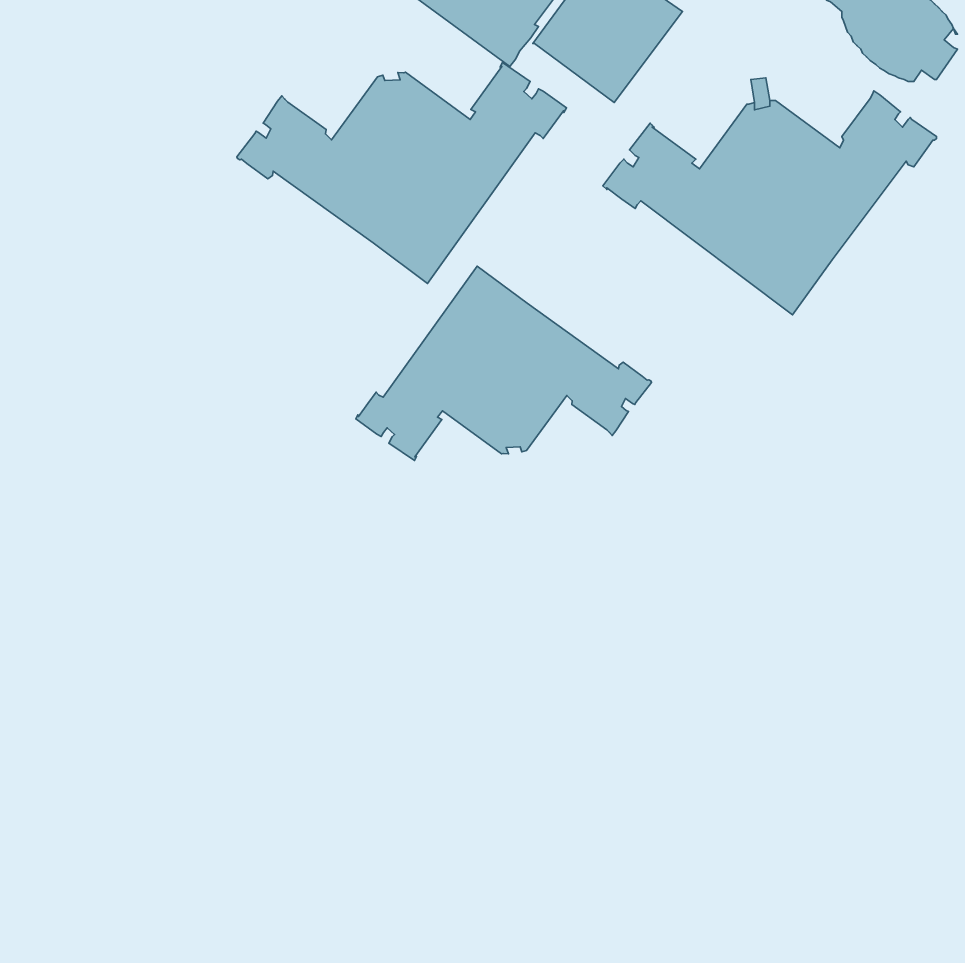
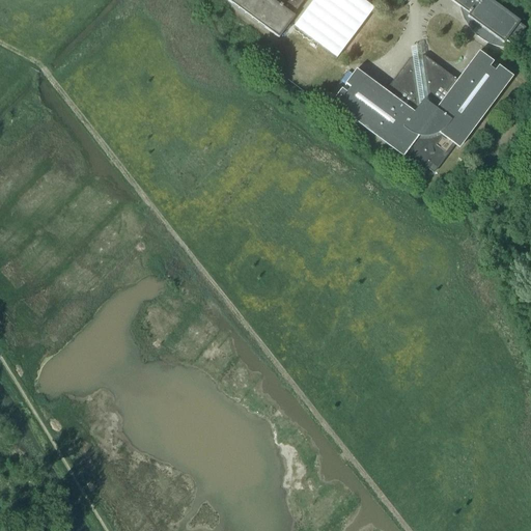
building: [237,62,566,283] -> none
building: [356,266,651,461] -> none

